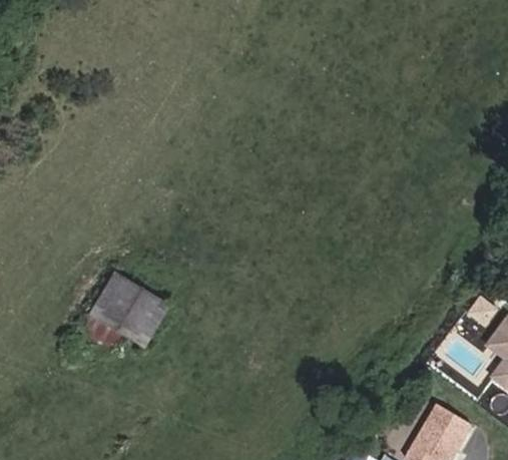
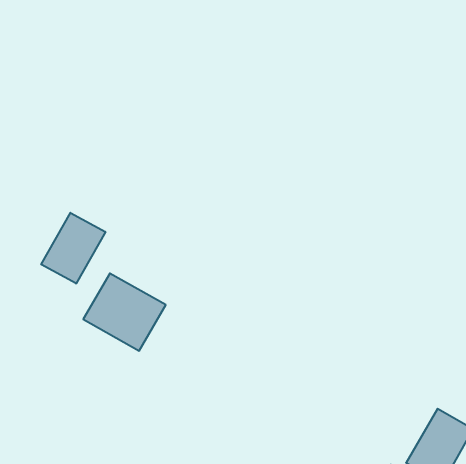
building: none -> [41,213,105,284]

